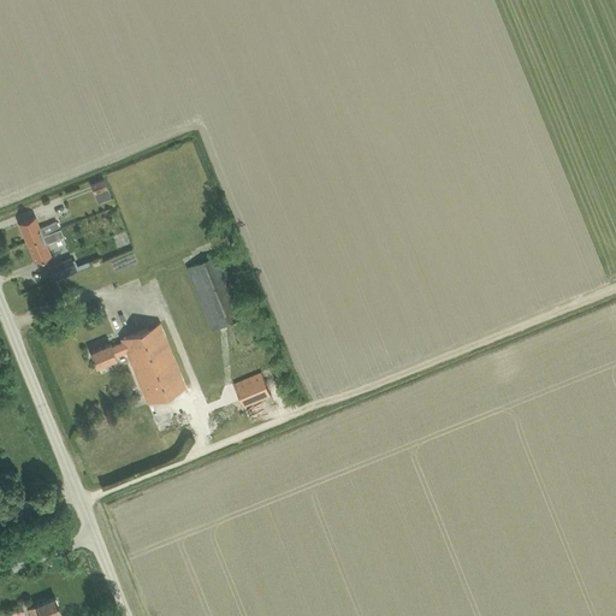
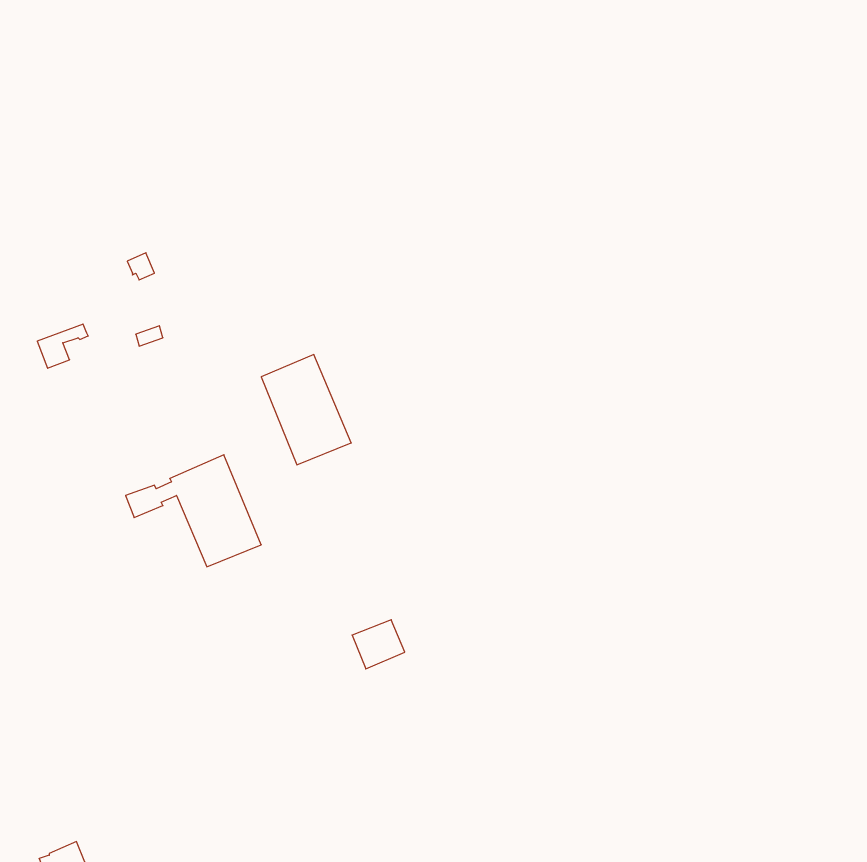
building: [18,220,59,245] -> none
building: [233,375,271,410] -> [352,620,405,669]

